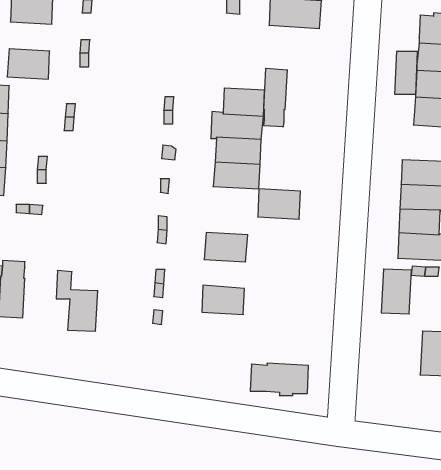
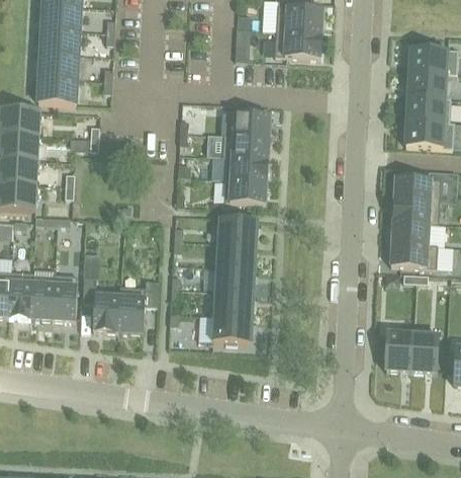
building: none -> [39,52,78,78]
building: [395,51,417,94] -> none
building: [264,68,287,127] -> none
building: [258,189,300,219] -> [217,217,256,244]
building: none -> [214,266,253,293]
building: none -> [52,273,77,320]
building: [381,269,411,314] -> [385,330,412,371]
building: none -> [117,280,158,332]
building: [250,363,308,396] -> [198,314,251,343]

